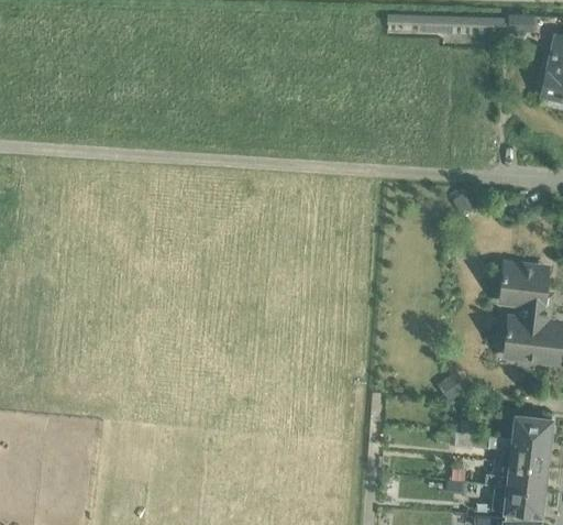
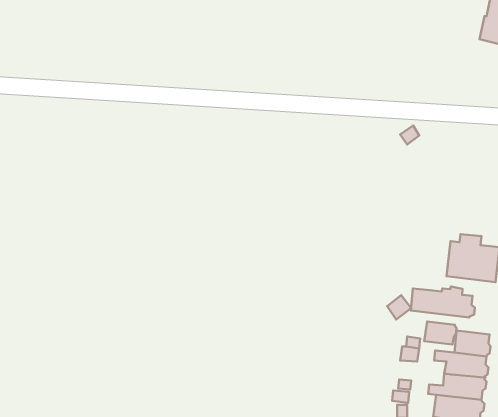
building: [500,264,550,314] -> none
building: none -> [411,286,475,317]
building: none -> [424,321,457,345]

